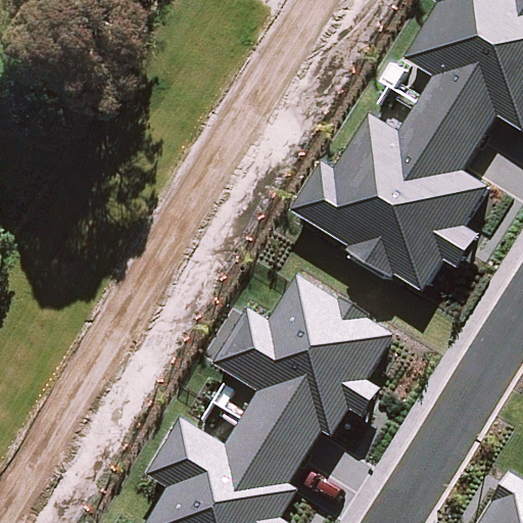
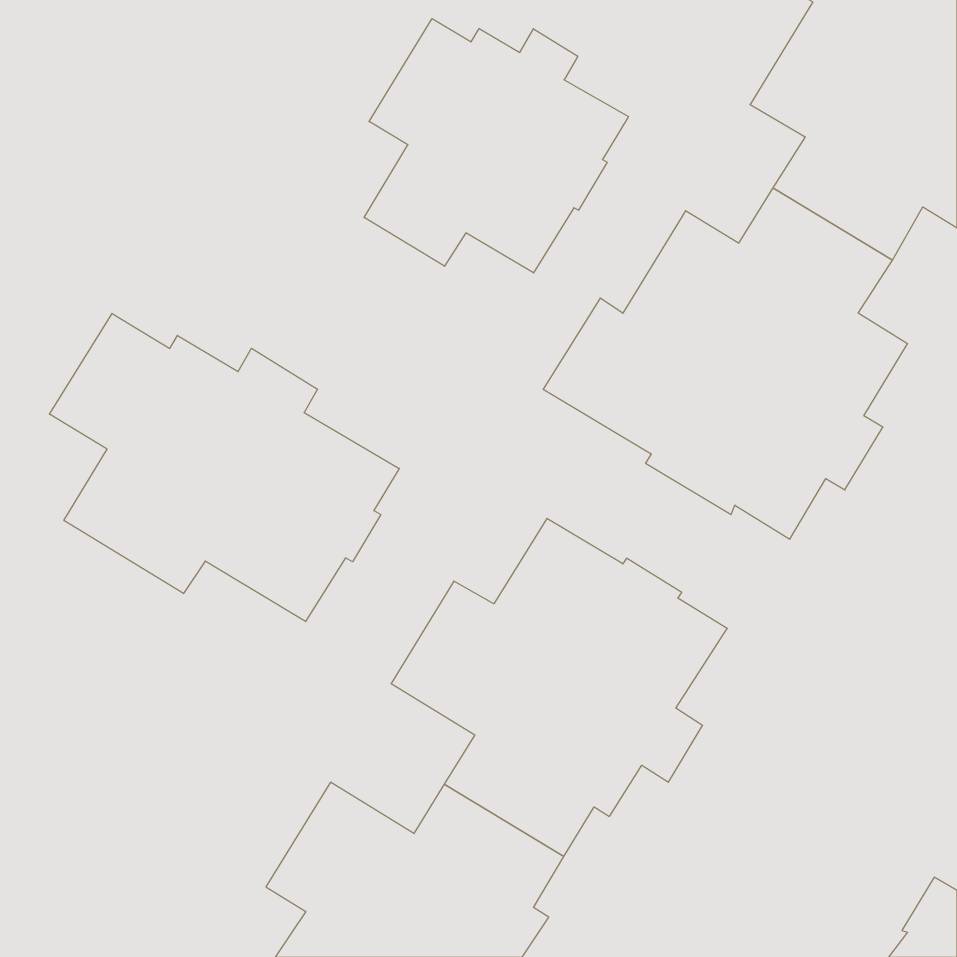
building: none -> [364,19,628,273]
building: none -> [49,313,399,622]

